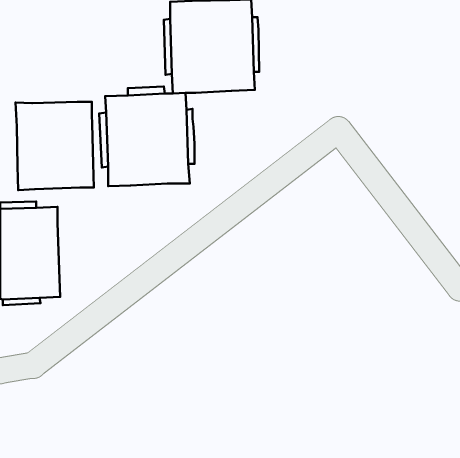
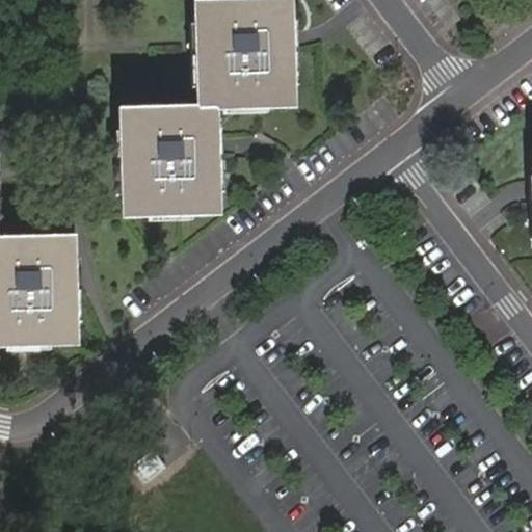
building: [15,102,94,190] -> none

